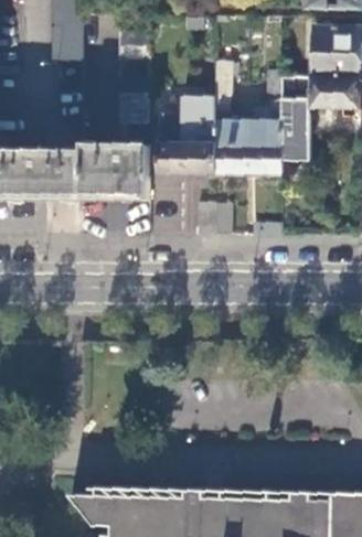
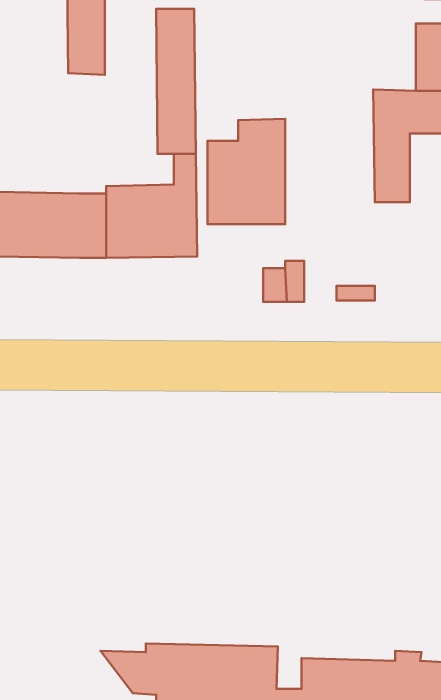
building: [215,61,284,174] -> none

